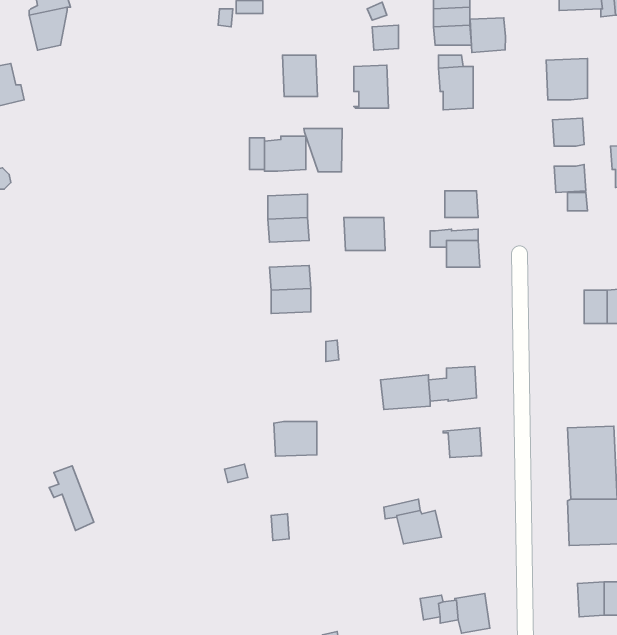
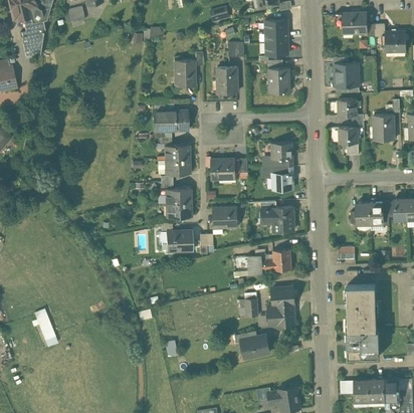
building: [470,18,505,52] -> none
building: [304,128,342,172] -> none
building: none -> [213,206,237,233]
building: none -> [261,207,293,232]
building: [274,422,317,456] -> [166,230,192,251]
building: none -> [239,296,262,317]
building: none -> [268,303,295,326]

